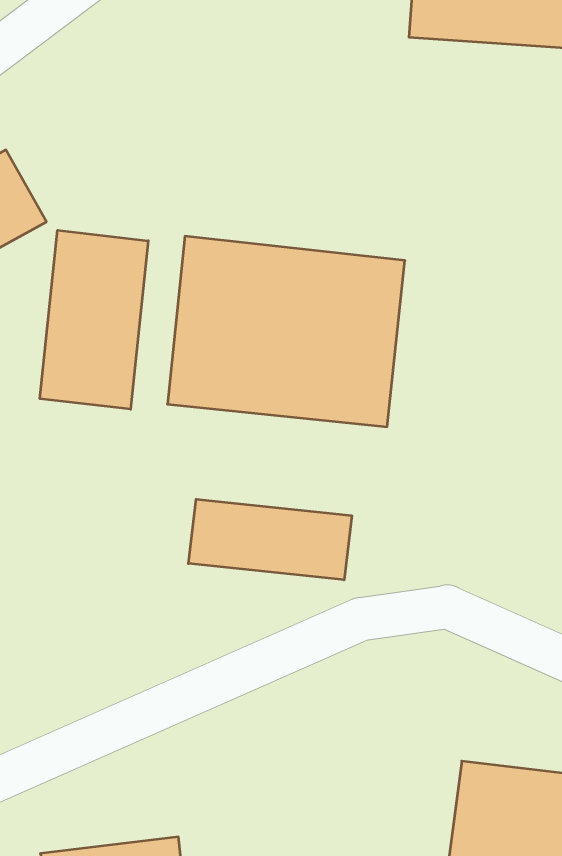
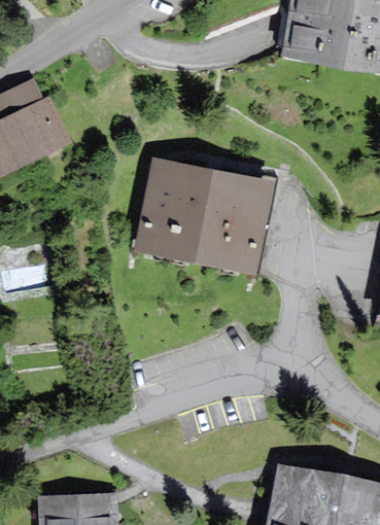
building: [40,230,148,409] -> none
building: [188,499,352,580] -> none

